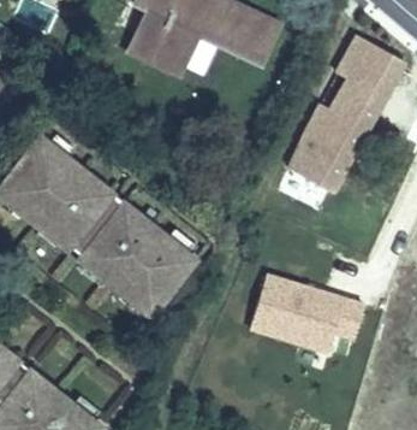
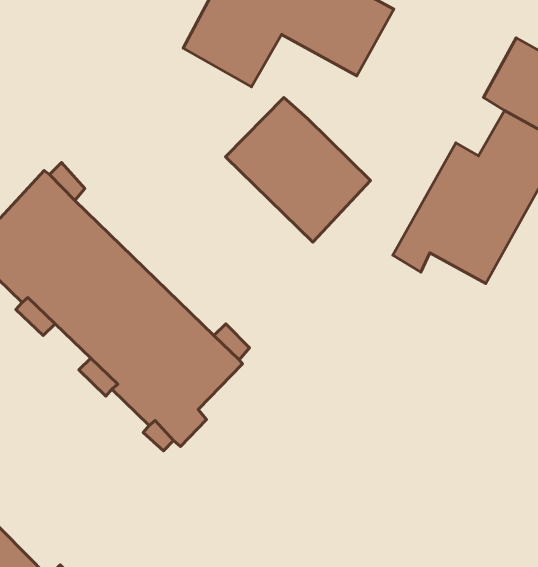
building: none -> [225,97,370,242]
building: [242,269,362,349] -> none

